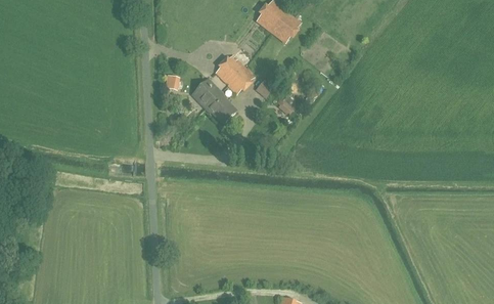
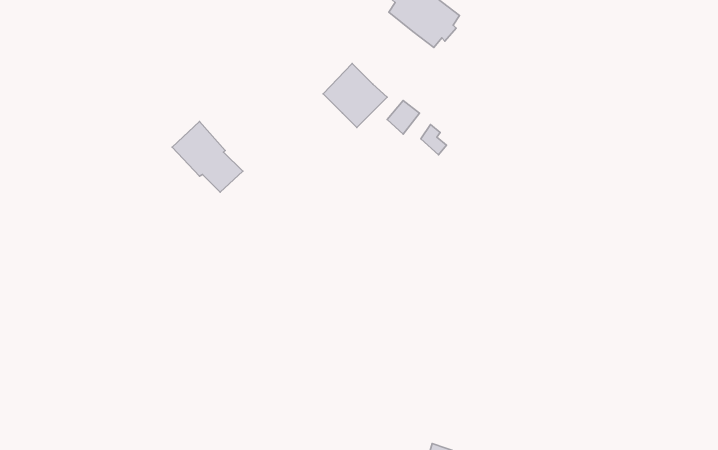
building: [191,78,236,123] -> [172,122,243,192]

